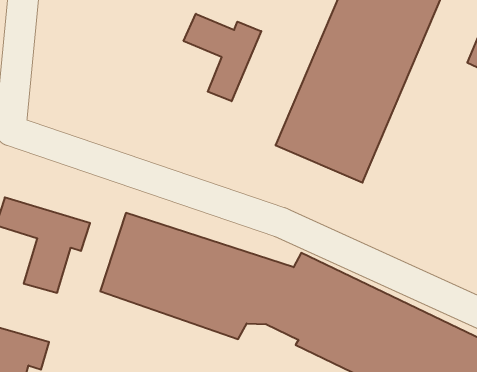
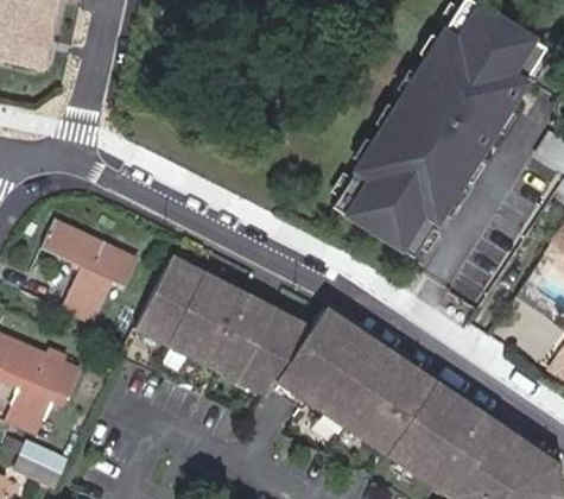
building: [184,14,261,101] -> none

